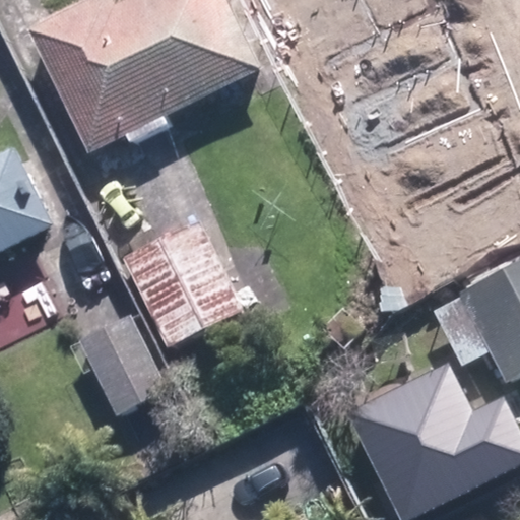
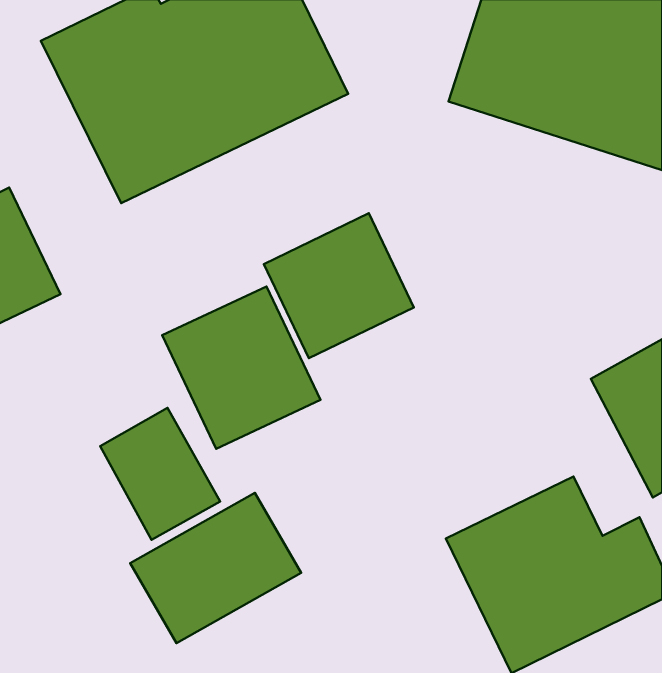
building: none -> [264,213,414,358]
building: none -> [130,493,301,643]

